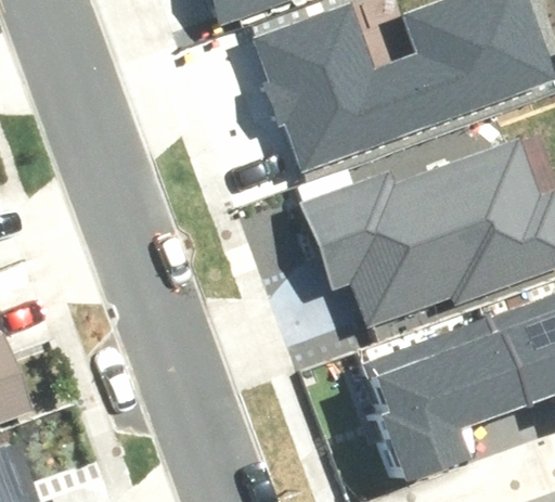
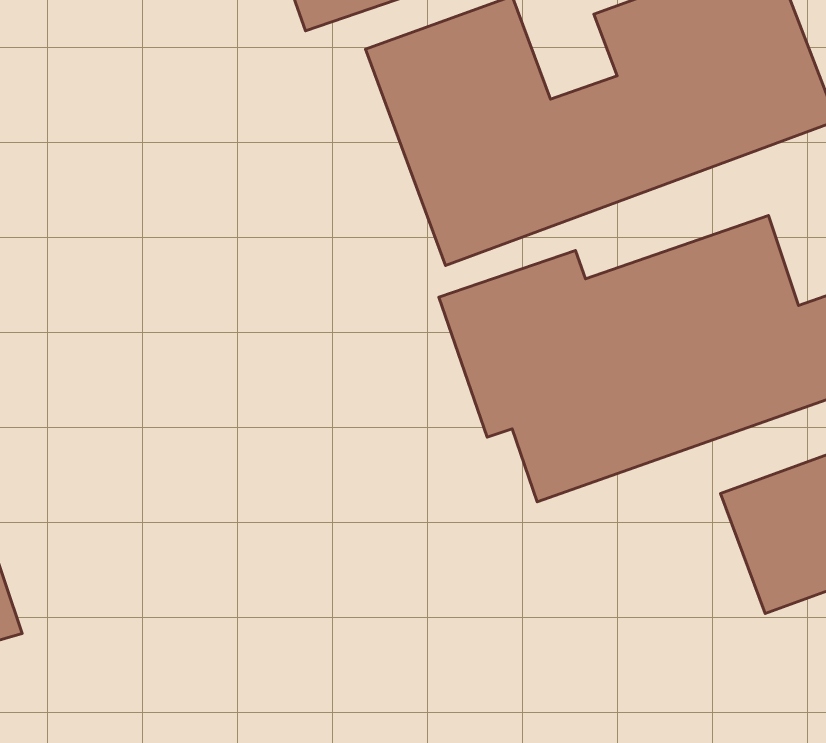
building: [362,323,514,479] -> none

